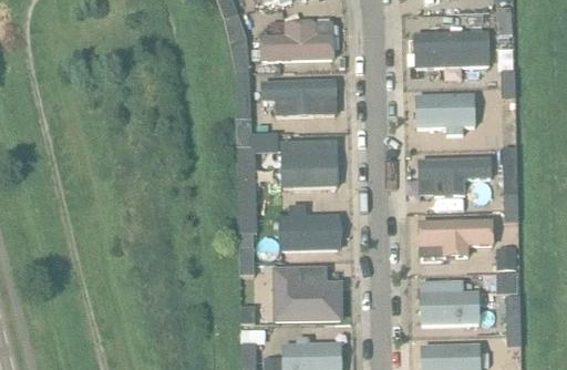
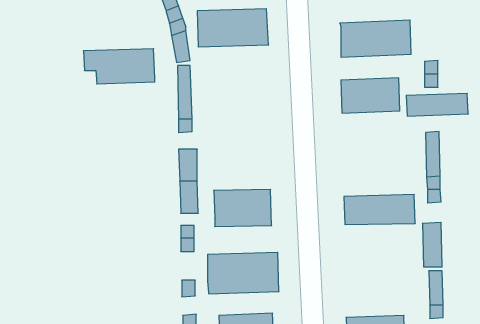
building: [260,78,337,115] -> [83,49,155,84]
building: [279,143,338,185] -> none
building: [413,157,480,182] -> [406,93,468,116]
building: [416,291,482,328] -> none

